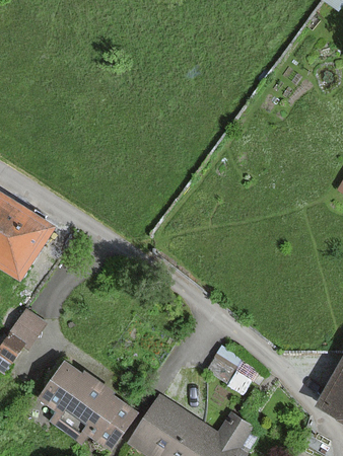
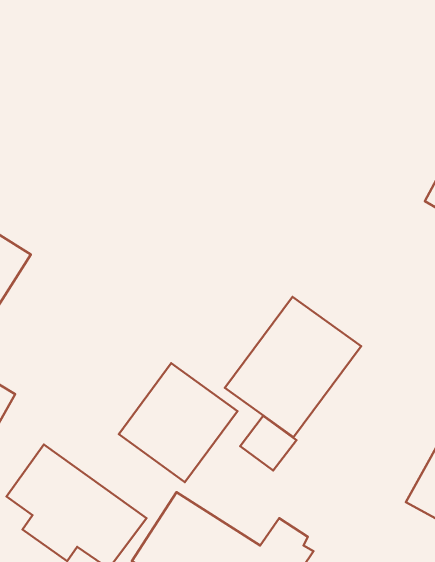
building: none -> [225,297,361,437]
building: none -> [119,363,237,482]

